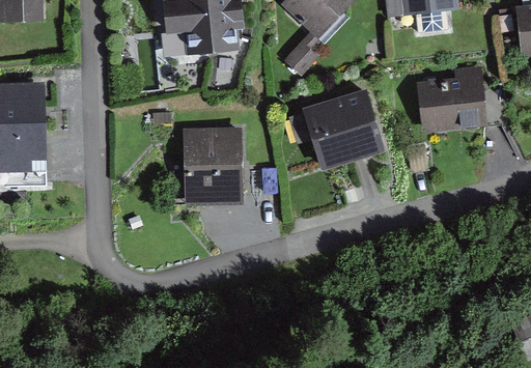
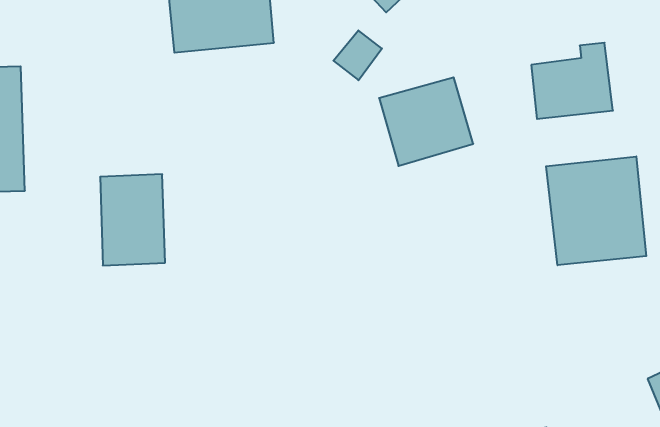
building: [190,129,239,197] -> [100,174,165,265]
building: none -> [546,156,646,265]

